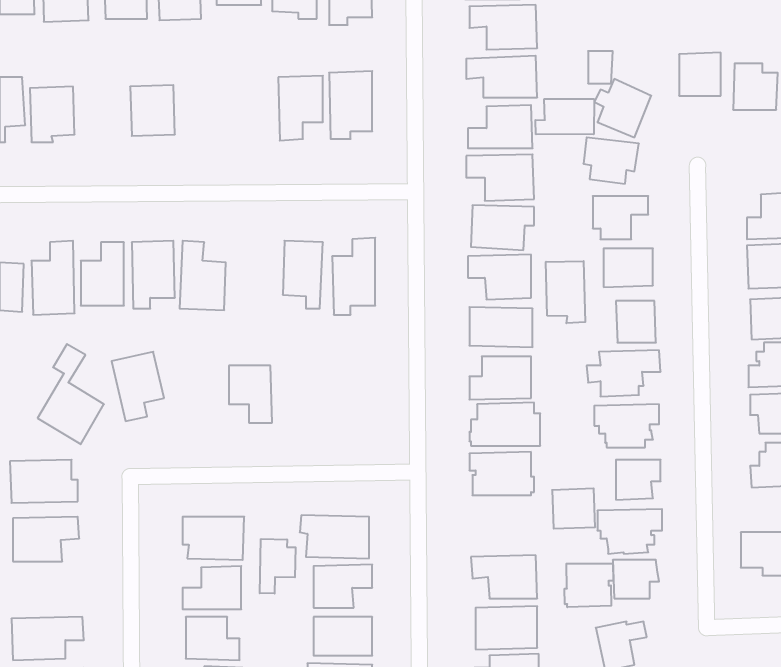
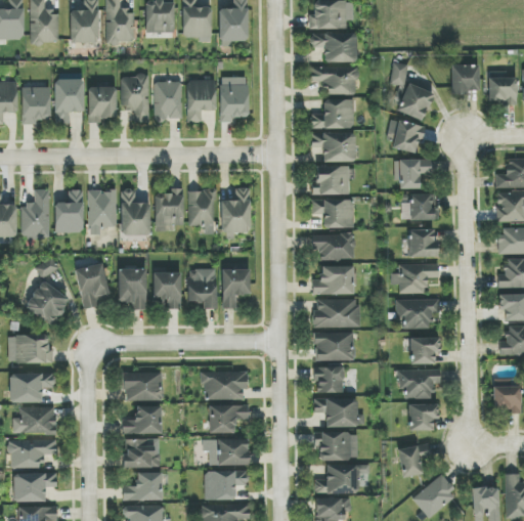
building: none -> [121,75,149,123]
building: none -> [53,79,84,124]
building: none -> [154,82,182,121]
building: [535,99,594,134] -> none
building: none -> [155,190,183,227]
building: [546,261,585,323] -> none
building: none -> [118,268,146,310]
building: none -> [187,269,216,309]
building: none -> [221,269,250,308]
building: [552,488,595,529] -> [314,366,343,393]
building: [260,539,296,594] -> none
building: [565,564,613,607] -> none
building: none -> [12,406,55,434]

